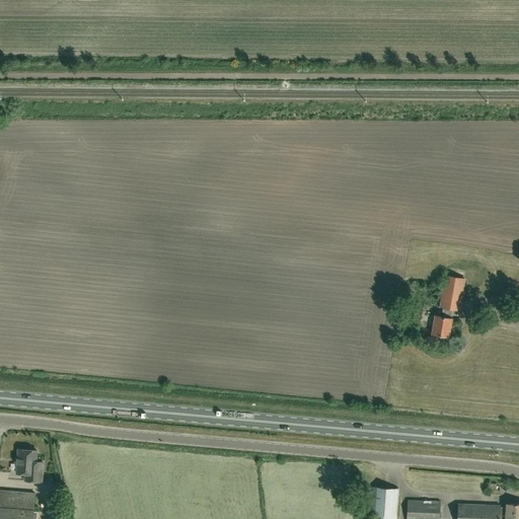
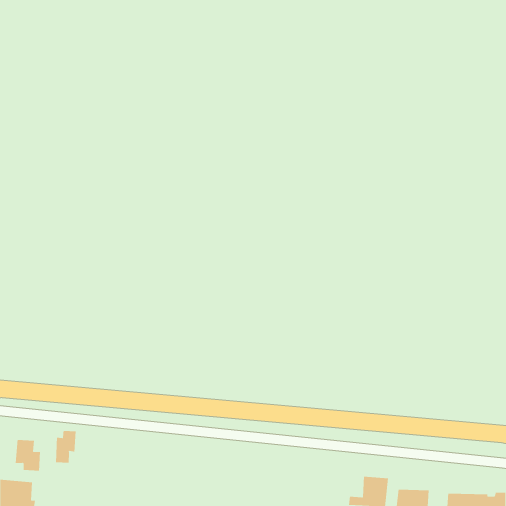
building: [431,276,463,338] -> none
building: none -> [55,430,76,464]

